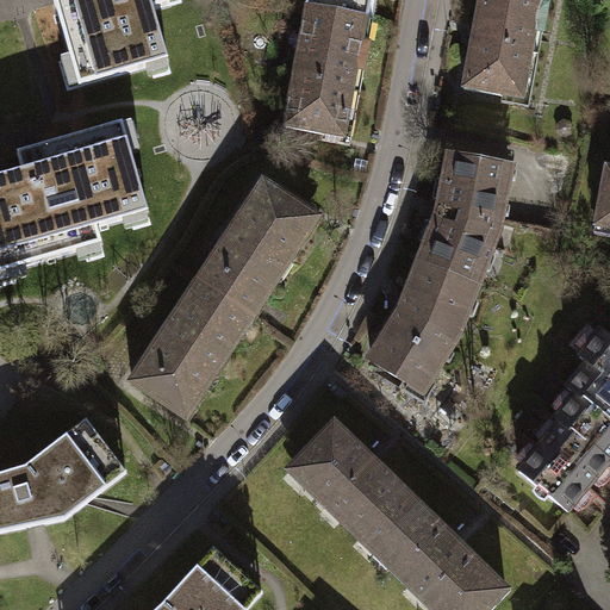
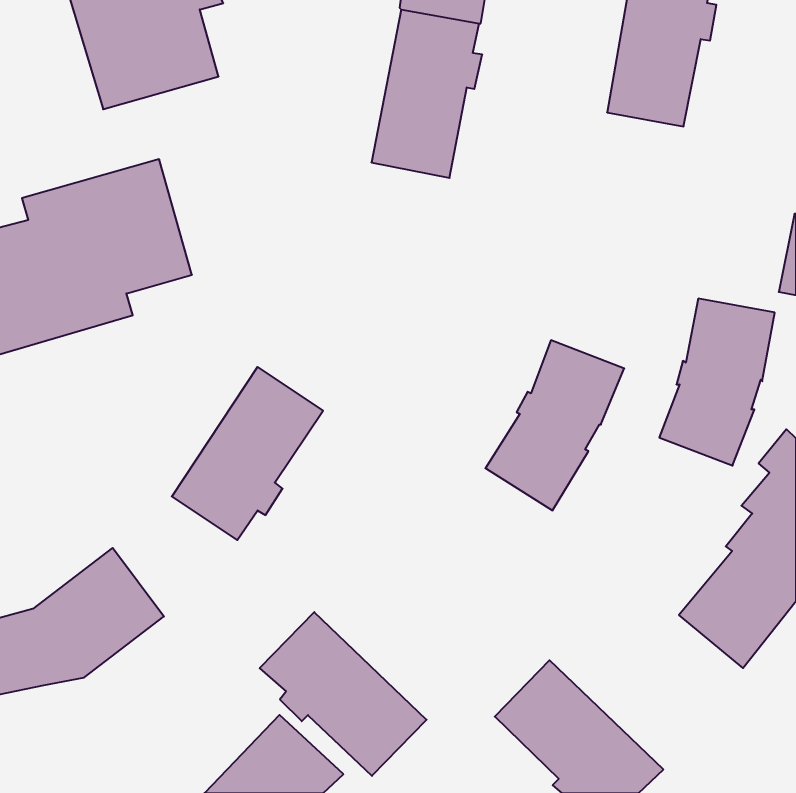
building: [421,154,509,281] -> [659,299,775,466]
building: [197,180,313,313] -> none
building: [292,422,419,547] -> [260,612,427,776]

